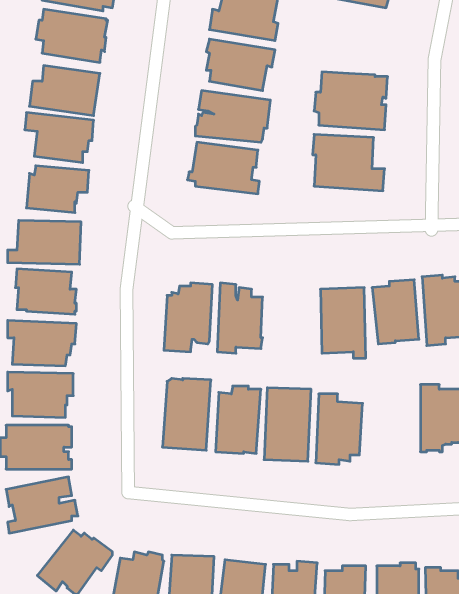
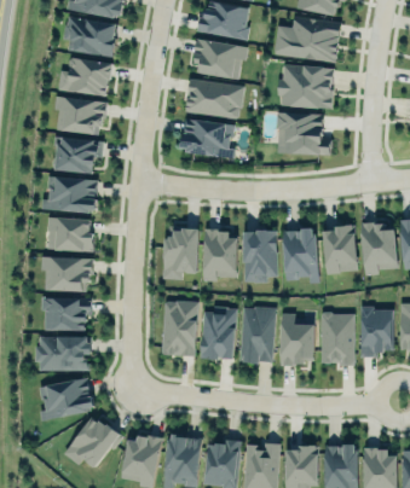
building: none -> [272,17,340,64]
building: none -> [243,230,277,283]
building: none -> [321,312,354,366]

